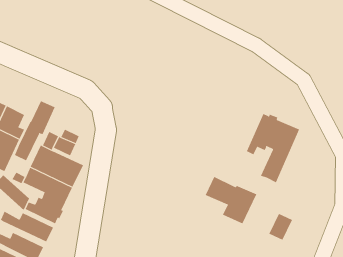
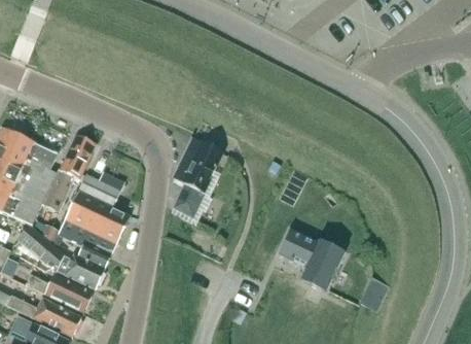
building: none -> [171,138,222,218]
building: [246,113,300,183] -> none

